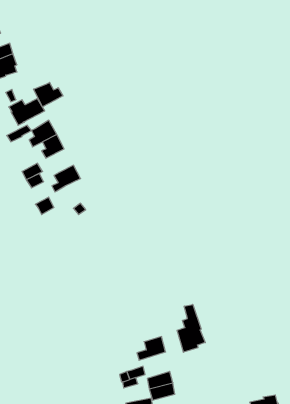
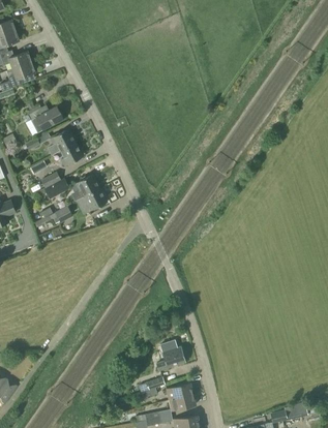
building: [34,82,63,107] -> none
building: none -> [76,188,108,215]
building: [177,304,205,352] -> none

